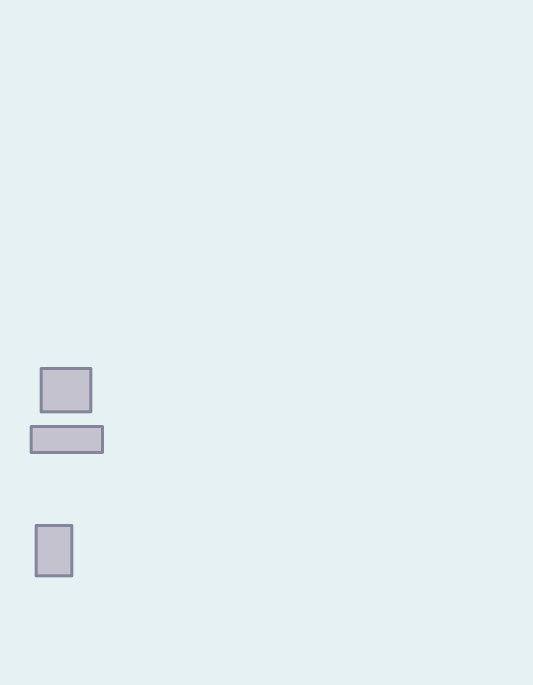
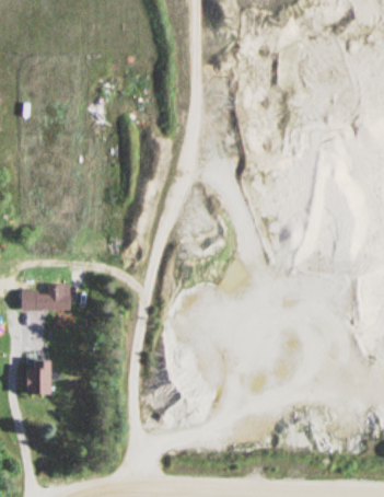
building: [41,369,91,412] -> none

